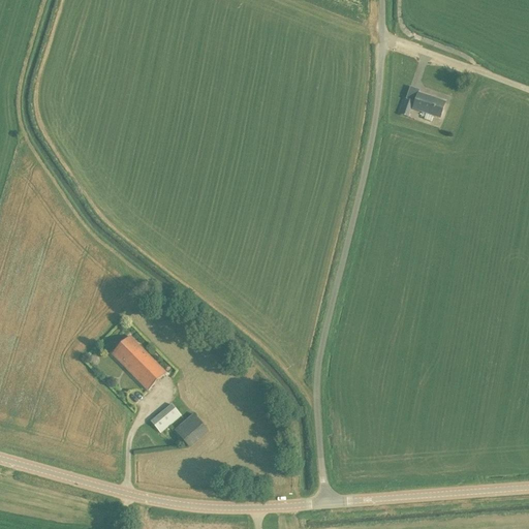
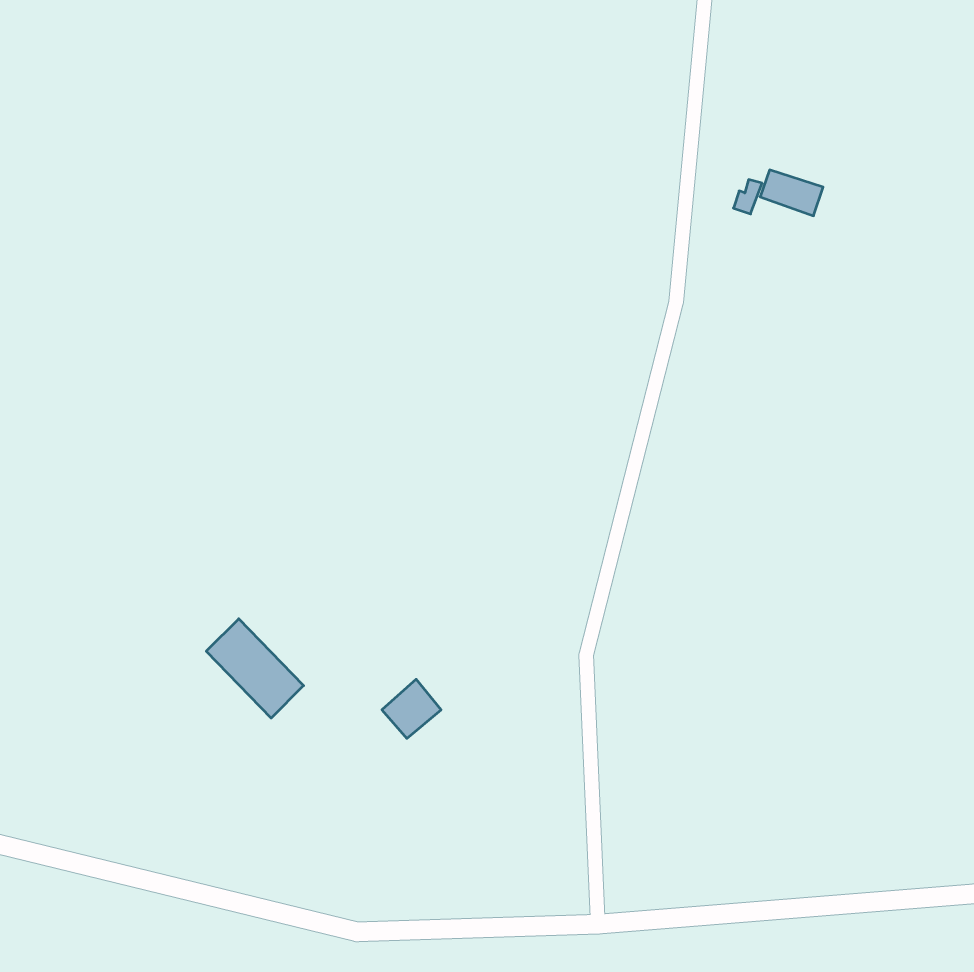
building: [150,403,180,431] -> none
building: [174,412,206,444] -> [382,679,441,738]

